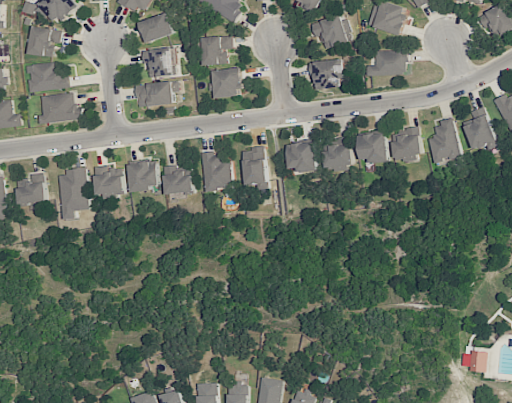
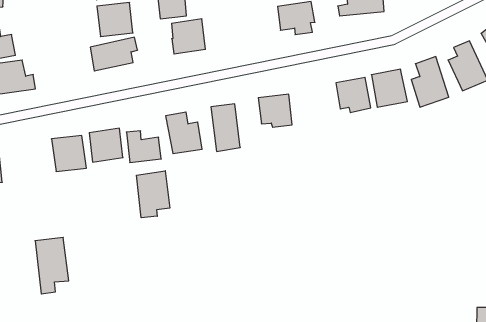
building: [325,145,352,170] -> none
building: [60,170,88,220] -> [35,237,69,294]
building: none -> [137,171,170,218]

